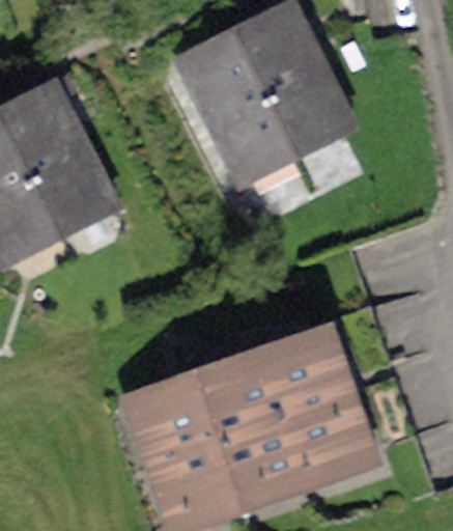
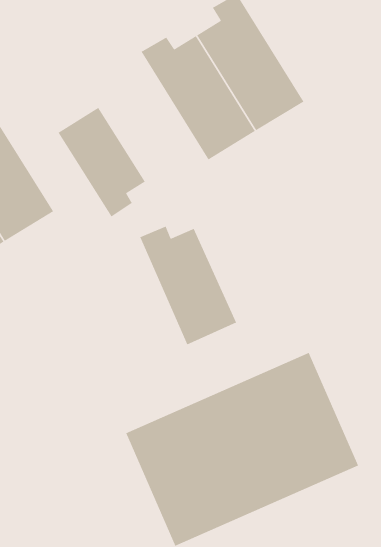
building: none -> [58,107,146,218]
building: none -> [139,226,237,346]

